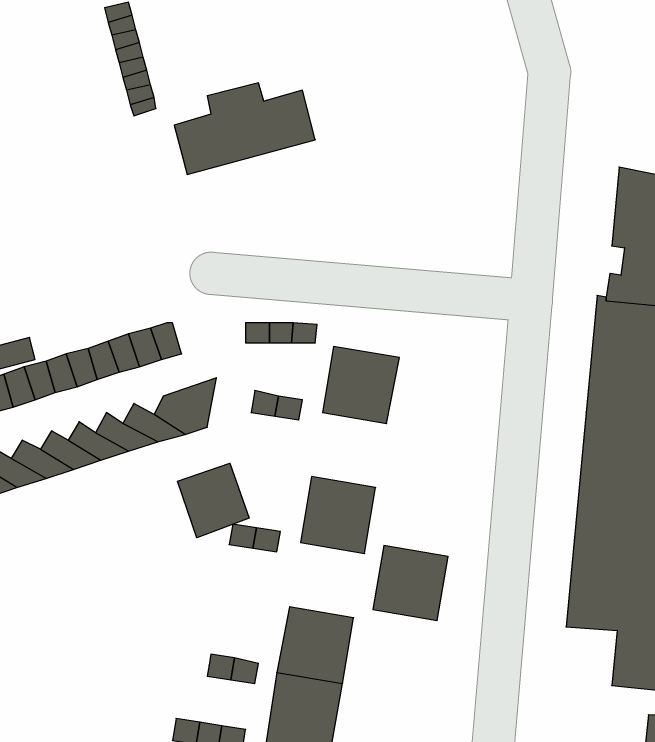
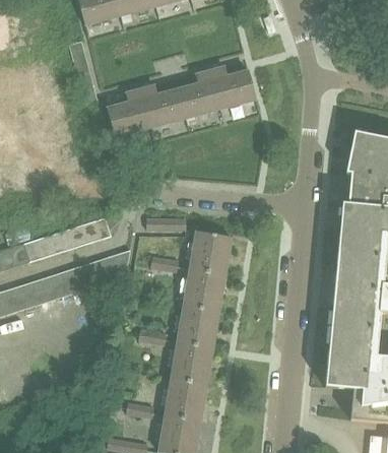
building: none -> [179,65,257,116]
building: none -> [184,267,225,309]
building: [178,463,249,538] -> none
building: [373,546,448,621] -> [172,339,213,381]

